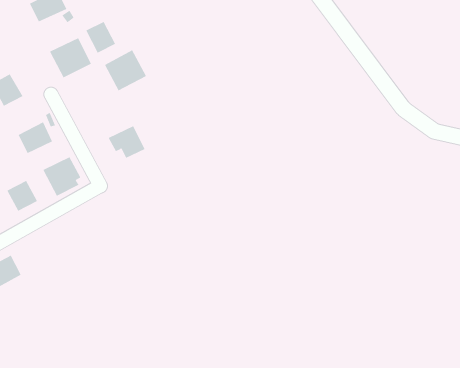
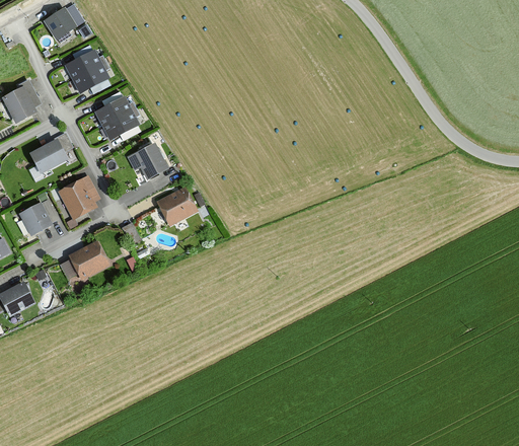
building: [85,21,116,53] -> none
building: [104,50,147,91] -> [93,95,139,140]
building: none -> [156,187,197,225]
building: none -> [59,241,109,280]

